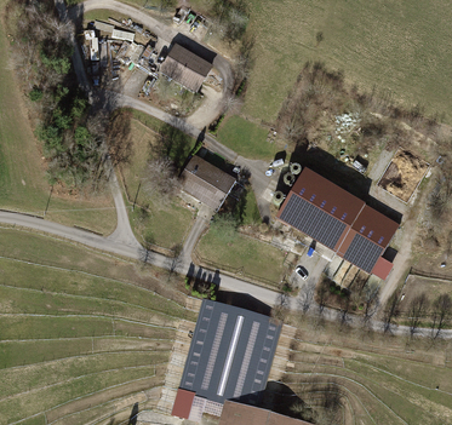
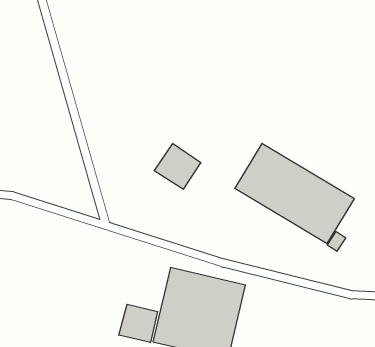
building: [156,40,210,91] -> none
building: none -> [119,304,157,343]

